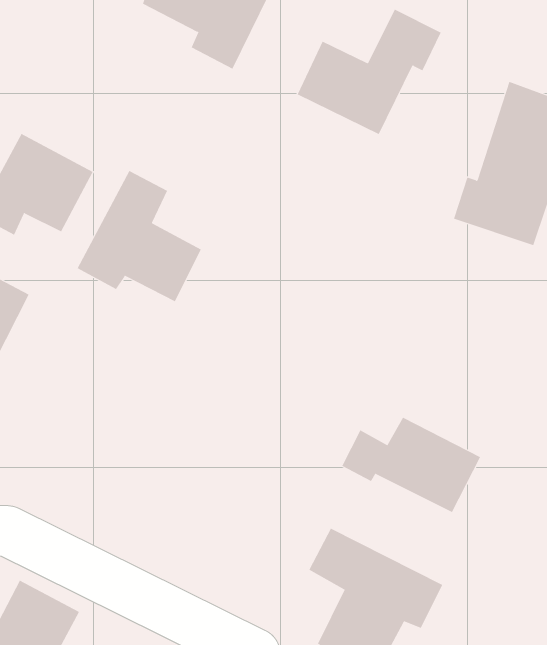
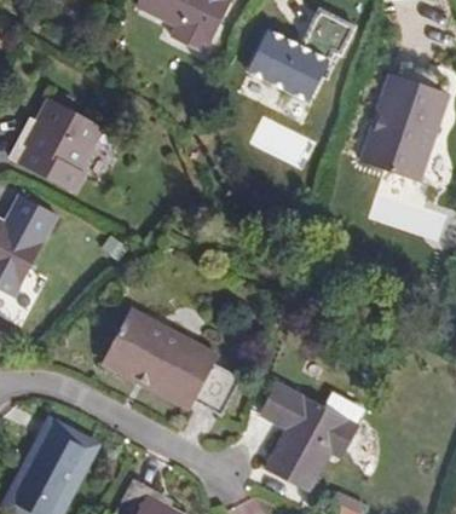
building: [77,170,201,302] -> none
building: [341,417,481,513] -> none
building: none -> [100,310,238,416]

